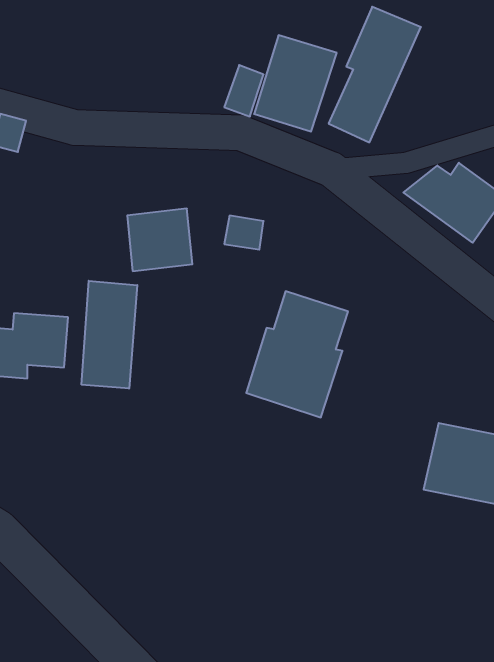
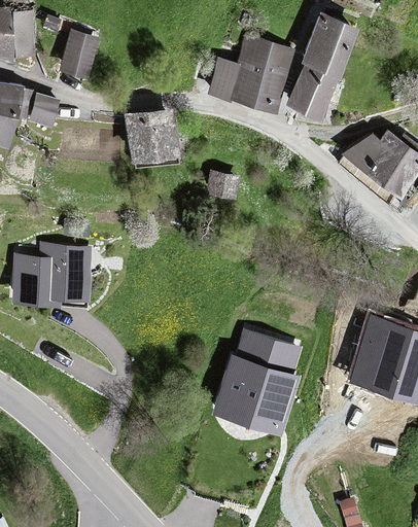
building: none -> [61,33,95,78]
building: [127,209,192,271] -> [123,110,172,157]
building: [82,281,137,389] -> none
building: [246,291,348,417] -> [221,330,299,426]

